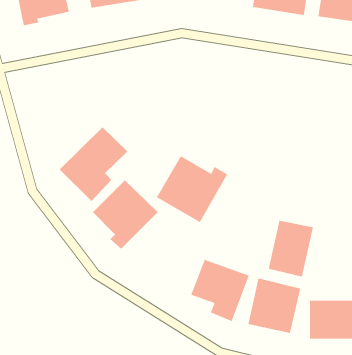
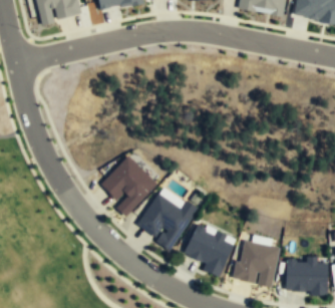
building: [59,126,128,202] -> none
building: [156,155,228,223] -> [136,191,199,249]
building: [268,220,314,278] -> none

